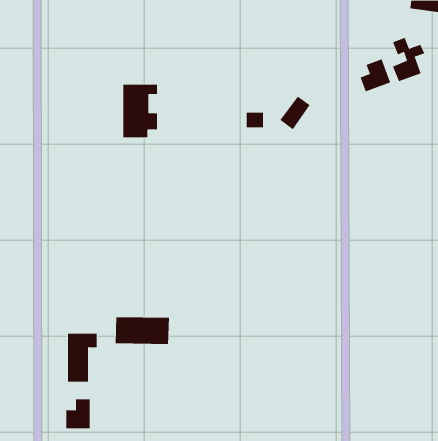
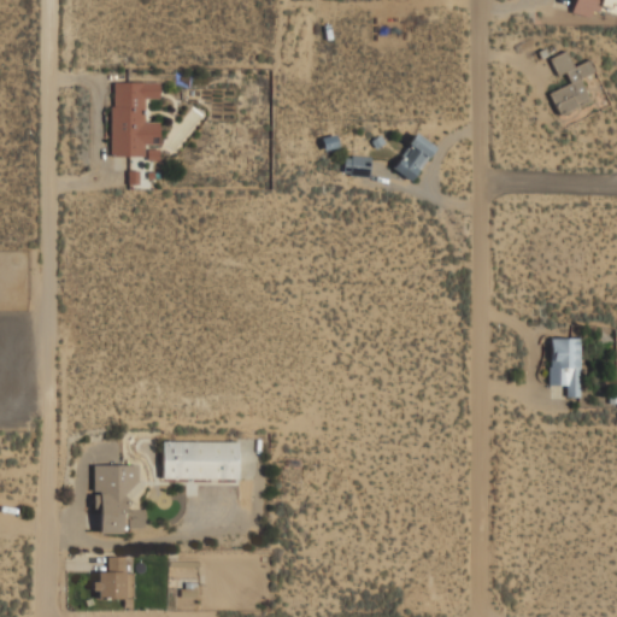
building: [360,58,391,92] -> none
building: [122,84,158,138] -> [113,83,163,158]
building: none -> [552,339,581,396]

